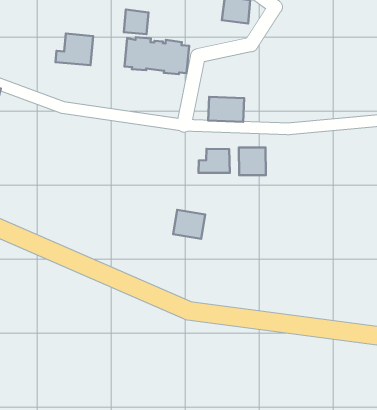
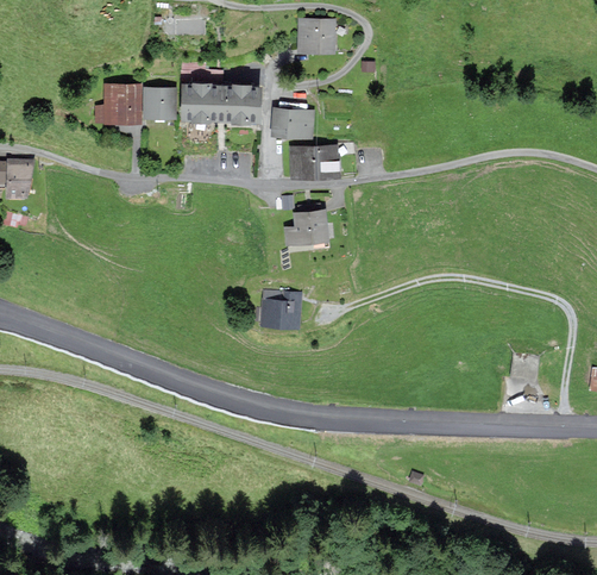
building: [124,9,148,34] -> [145,89,174,118]
building: none -> [272,110,313,139]
building: [239,148,266,175] -> none

